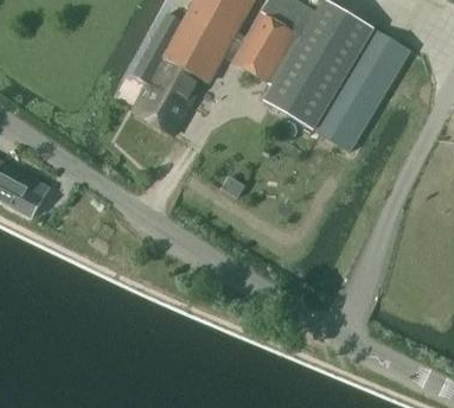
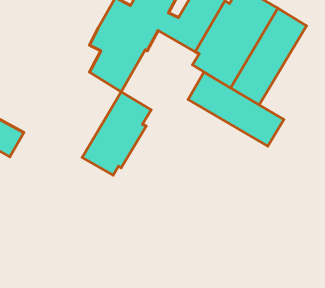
building: none -> [188,72,284,146]
building: none -> [82,92,151,175]

